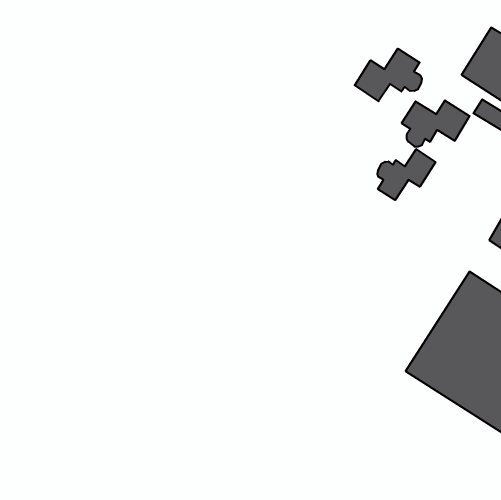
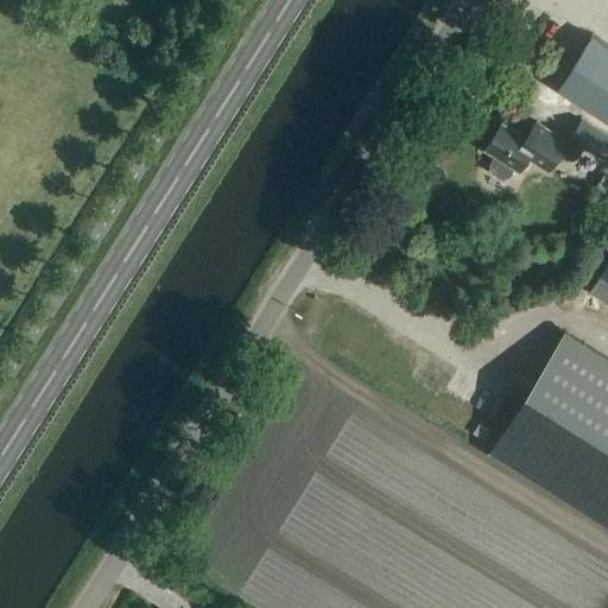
building: [355,49,422,101] -> none
building: [377,149,435,200] -> none

